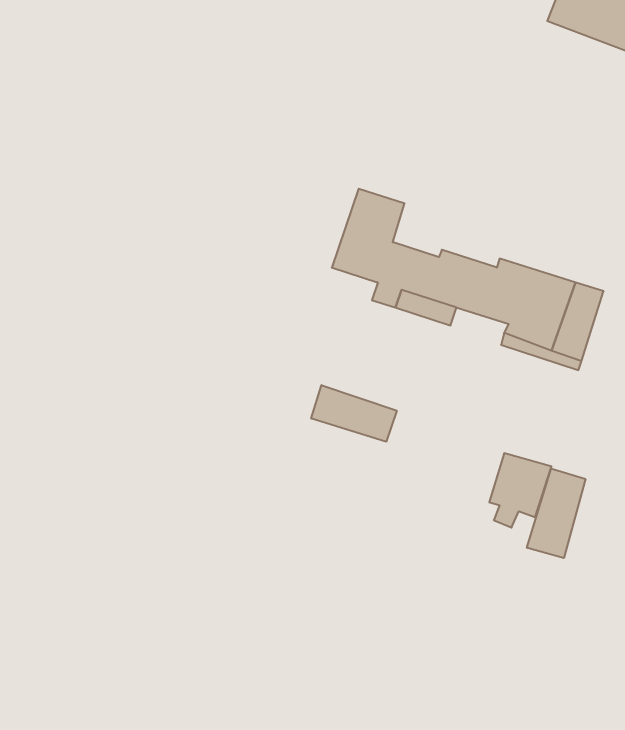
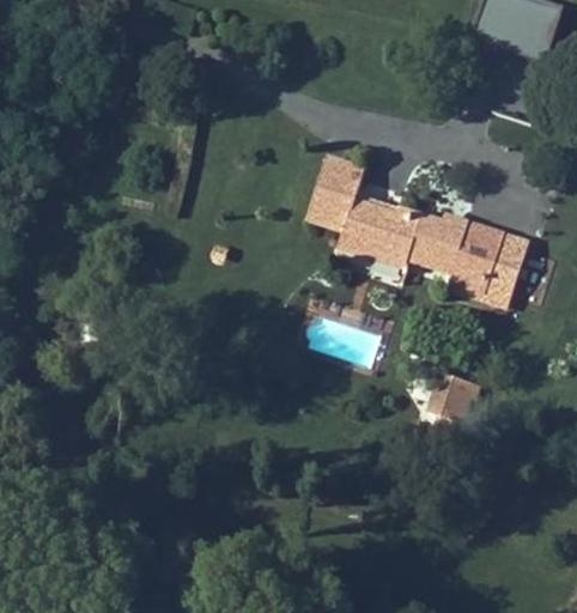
building: [311,385,397,442] -> none
building: [527,468,585,558] -> none

